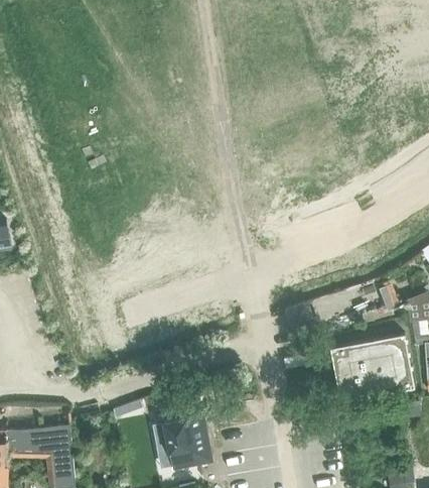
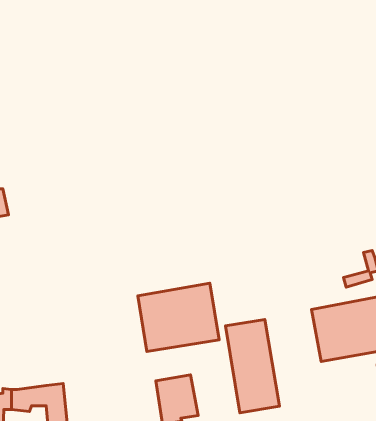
building: none -> [138,283,219,351]
building: none -> [226,319,280,413]

